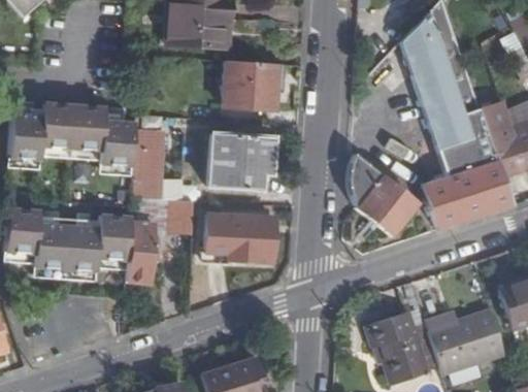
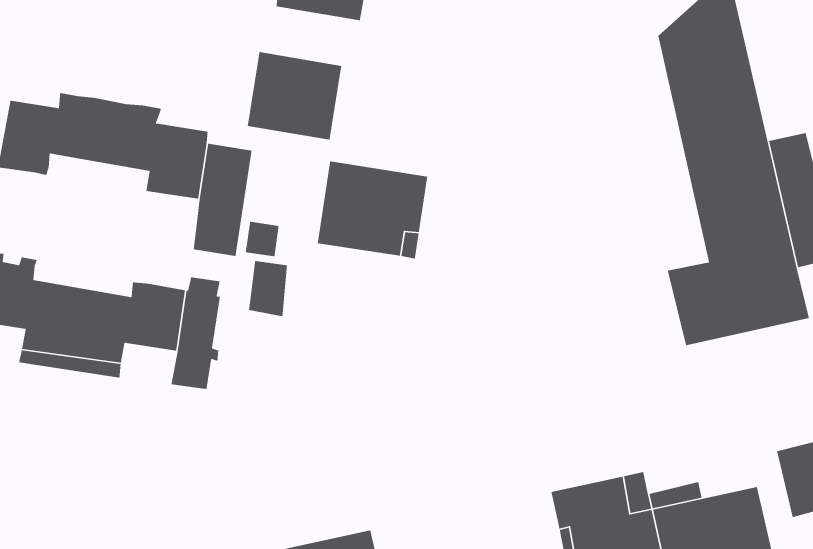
building: [223,60,277,110] -> [247,51,342,141]
building: [350,156,418,235] -> none
building: [205,214,272,261] -> none

